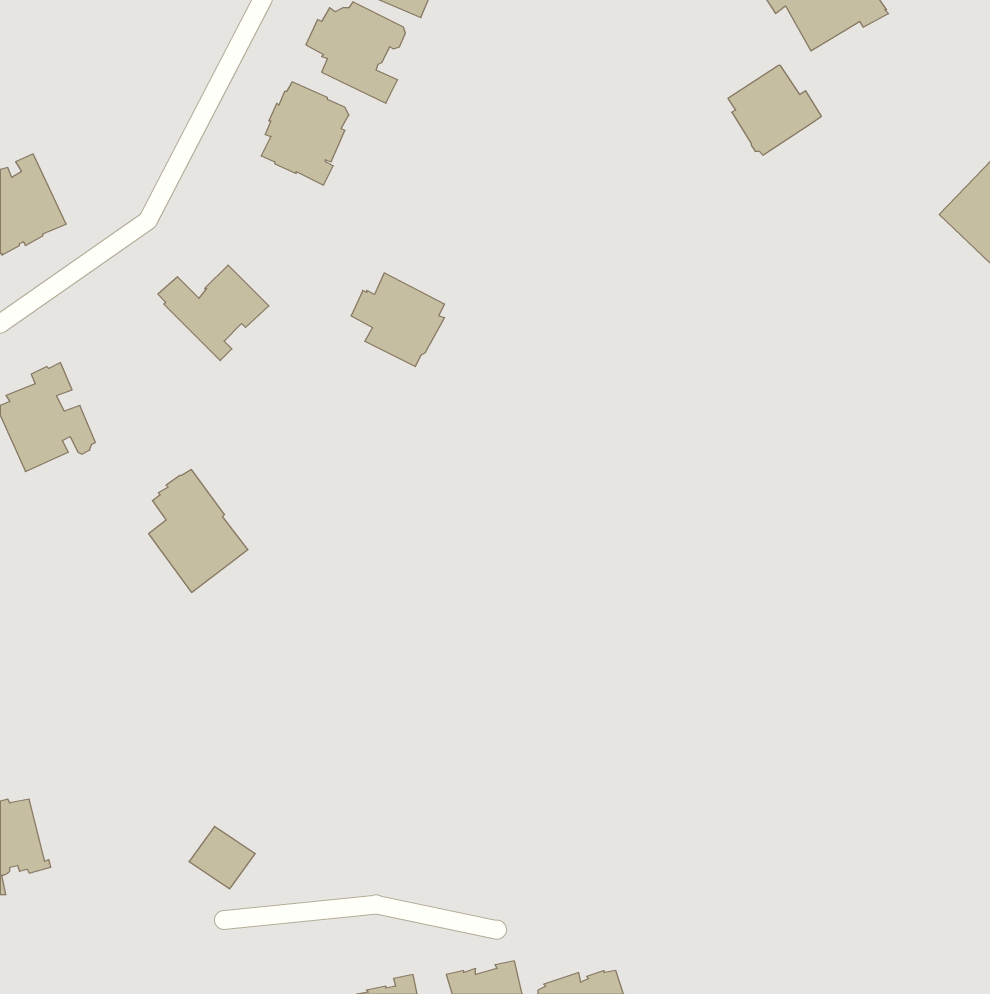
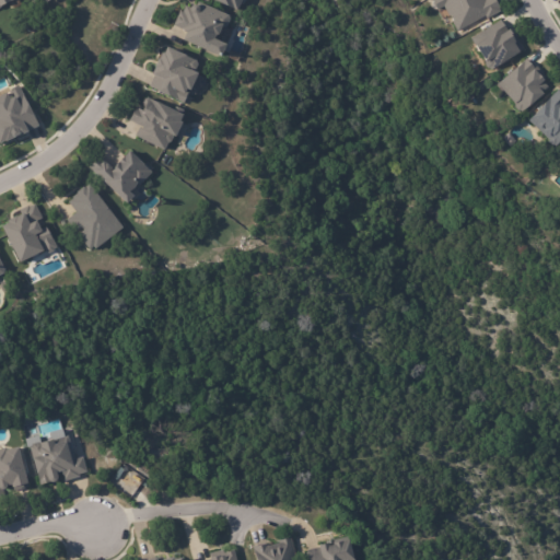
building: [728,65,821,155] -> [471,16,524,67]
building: none -> [500,59,550,113]
building: [351,273,445,367] -> [130,95,183,148]
building: [149,470,248,592] -> [68,183,124,252]
building: none -> [32,436,89,487]

